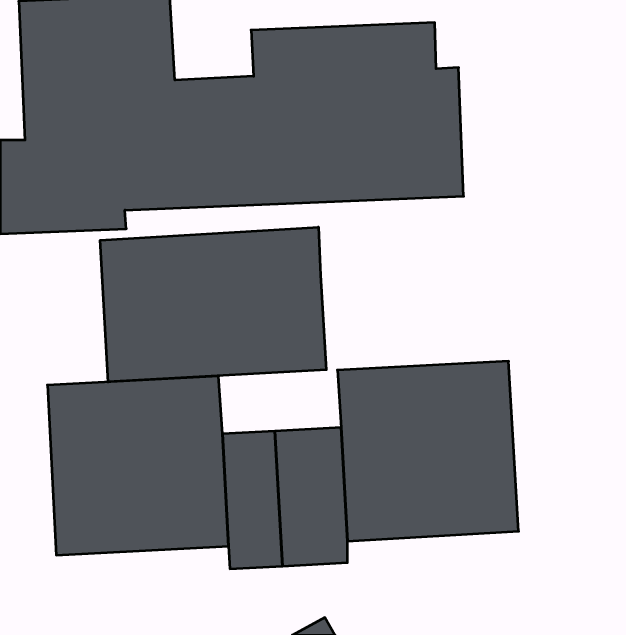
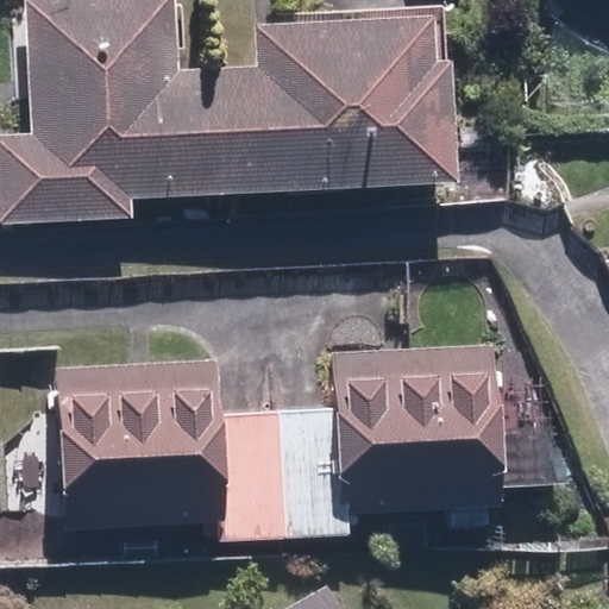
building: [100,227,326,382] -> none

